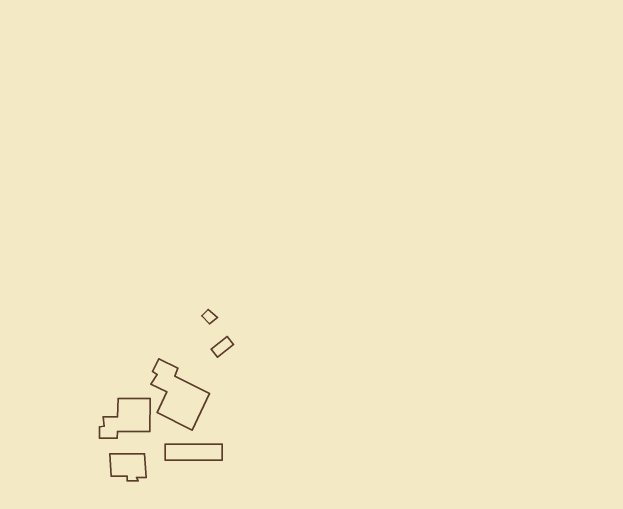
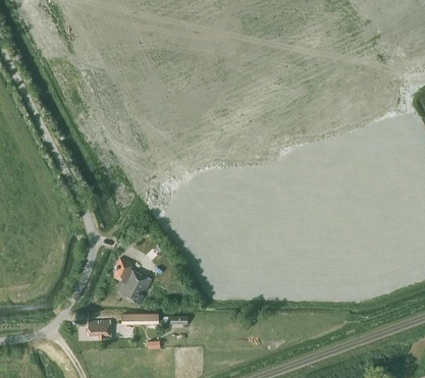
building: [100,398,150,438] -> none

